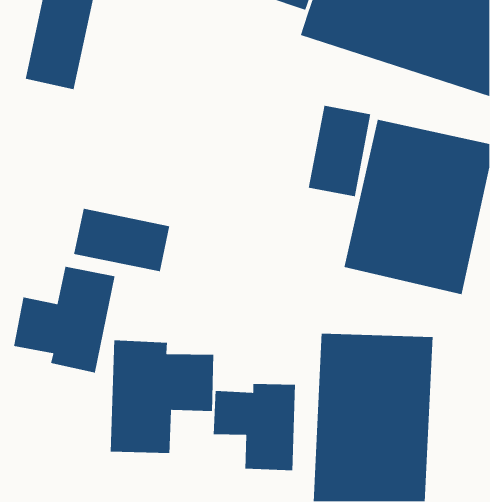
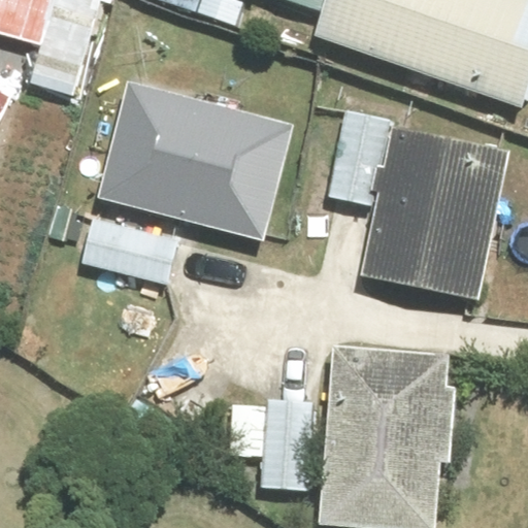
building: none -> [96,80,299,242]
building: [13,266,115,373] -> none
building: [110,340,214,454] -> none

